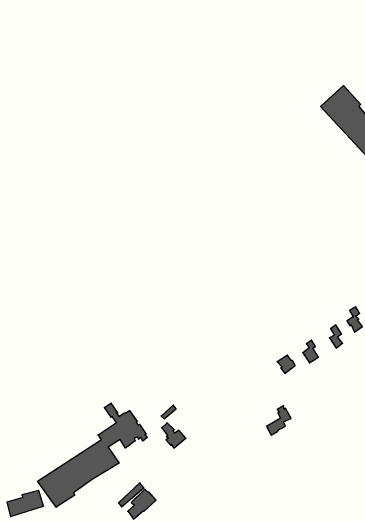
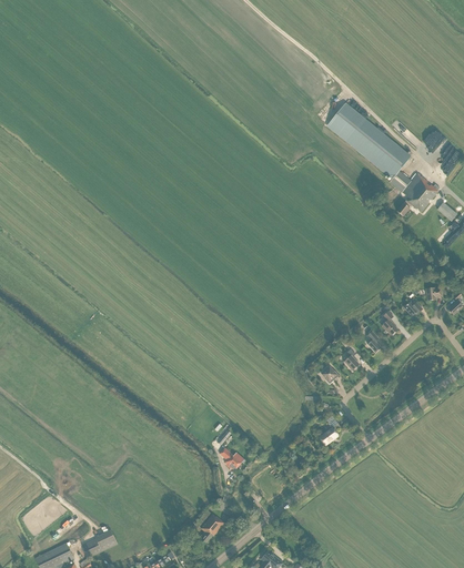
building: [38,403,147,507] -> none

